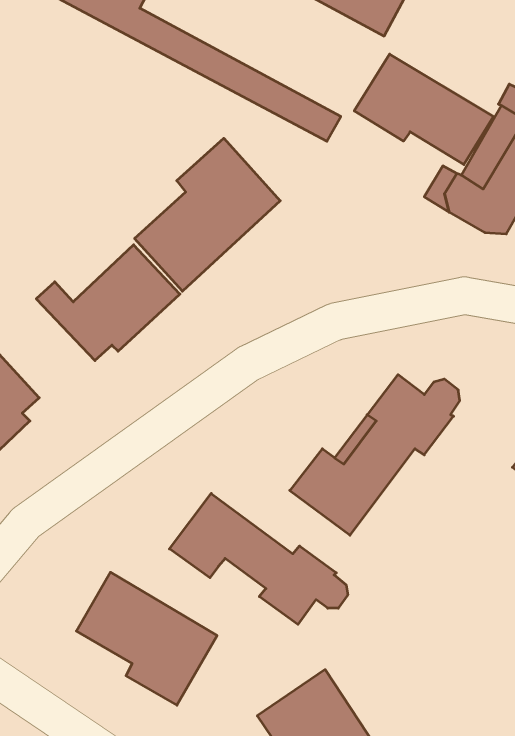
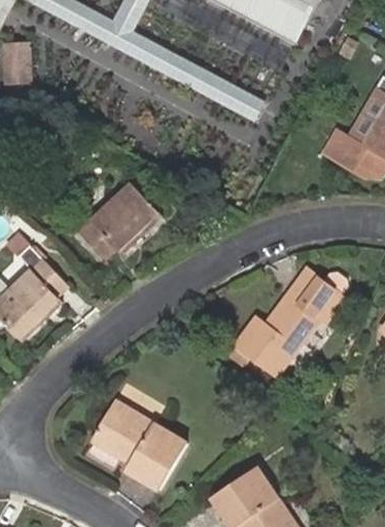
building: [354,54,494,165] -> none
building: [135,138,280,291] -> none
building: [169,493,348,624] -> none

